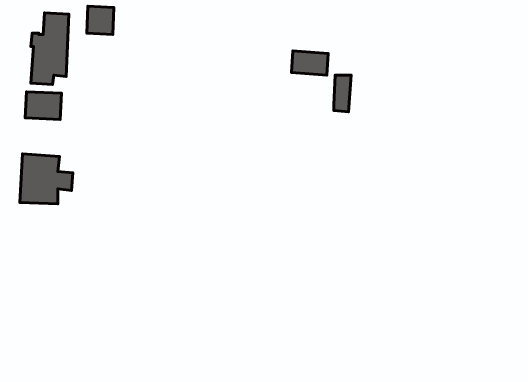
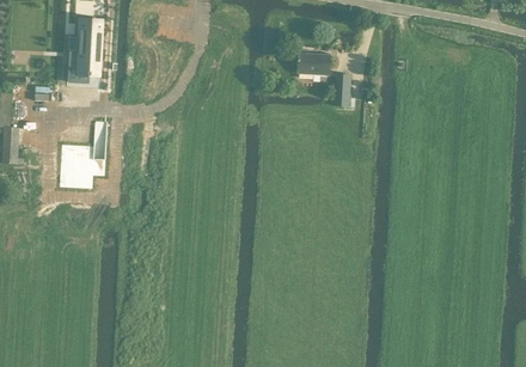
building: [87,6,114,34] -> none
building: [25,92,62,119] -> none

